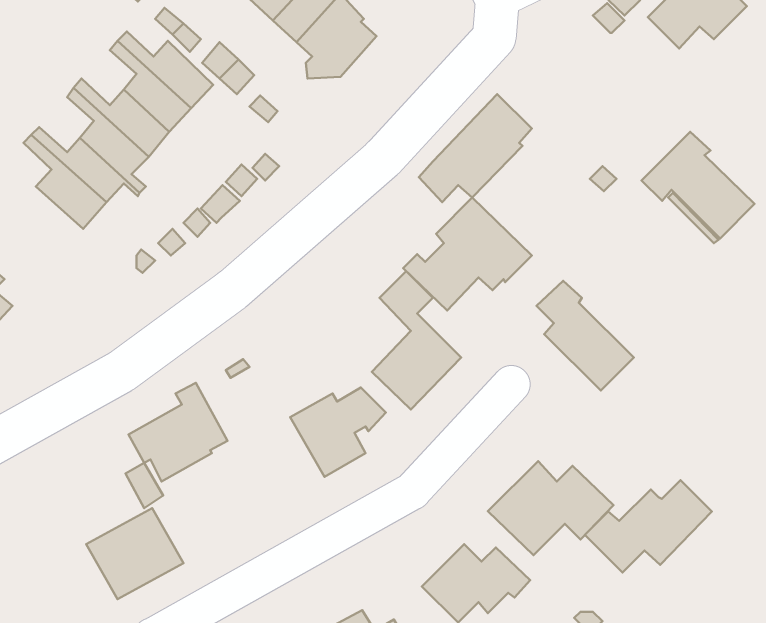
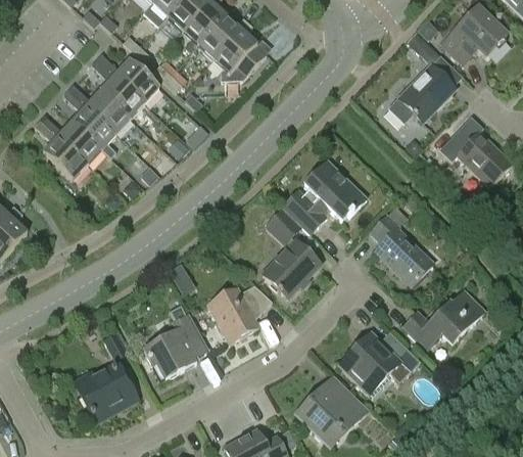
building: [419,94,532,202] -> [388,54,462,125]
building: [129,383,227,481] -> [144,314,208,378]
building: [585,480,712,573] -> [402,289,485,350]

